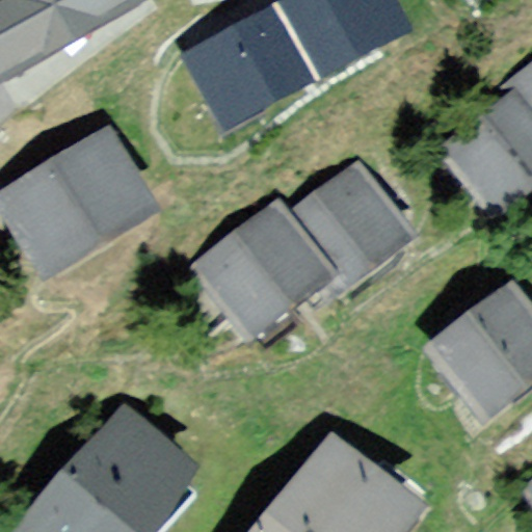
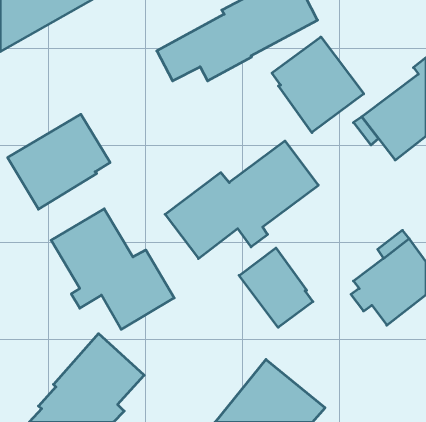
building: none -> [272,37,364,133]
building: none -> [51,209,174,329]
building: none -> [239,248,313,327]

